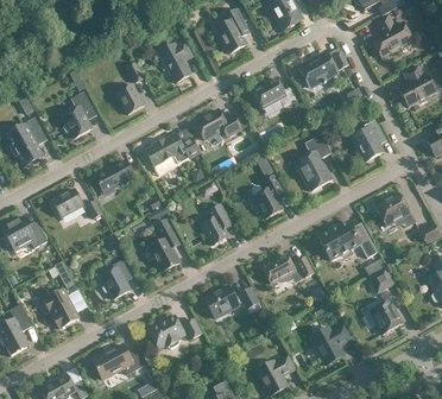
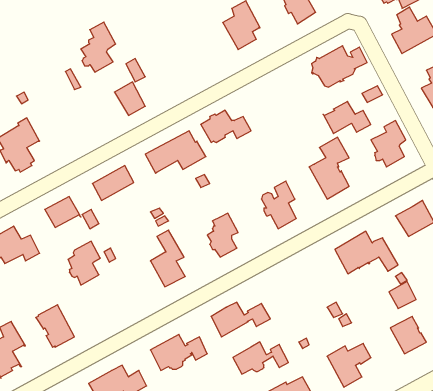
building: [158,42,190,82] -> none
building: [252,78,296,108] -> [323,101,371,134]
building: [61,91,93,138] -> [81,22,116,72]
building: [260,254,311,284] -> [233,342,288,374]
building: [100,259,130,299] -> [68,241,100,285]

